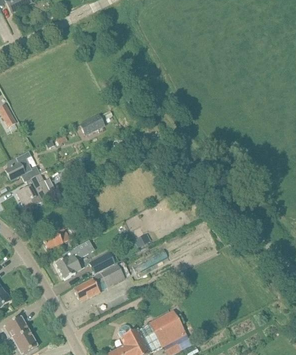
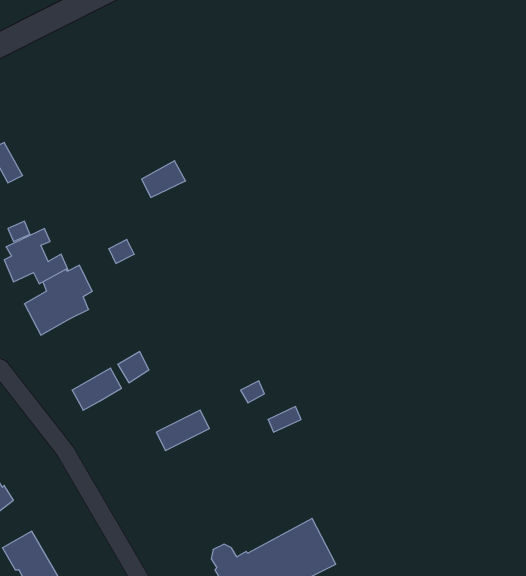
building: [55,239,94,278] -> none
building: [73,260,129,300] -> none

